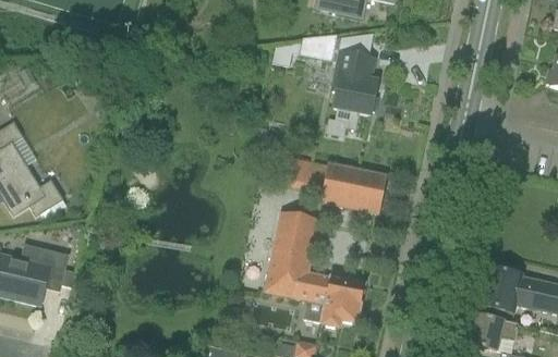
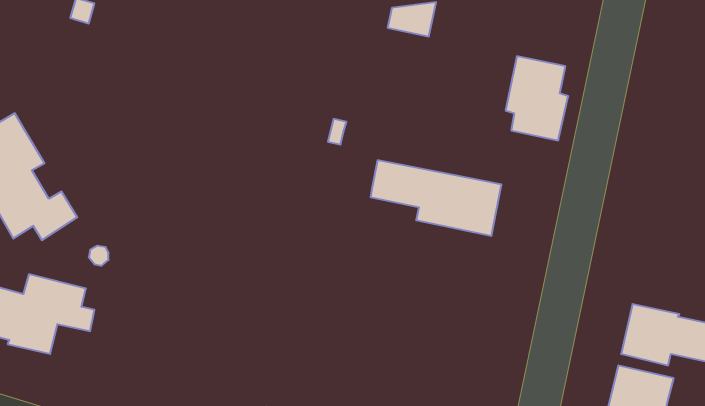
building: [330,49,378,113] -> [506,56,568,140]
building: [265,211,365,328] -> none

